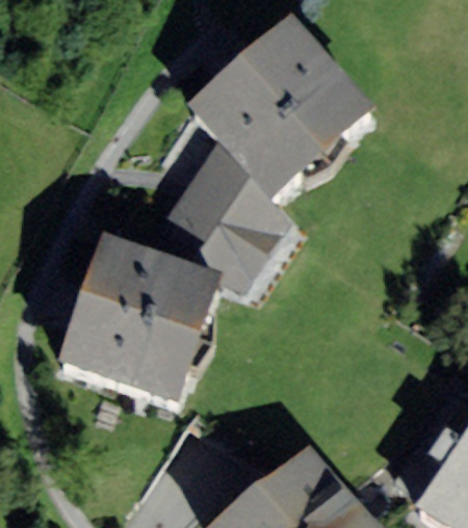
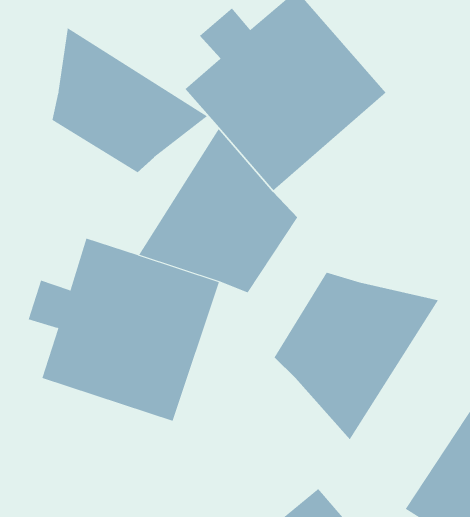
building: none -> [52,27,208,173]
building: none -> [274,272,439,440]

